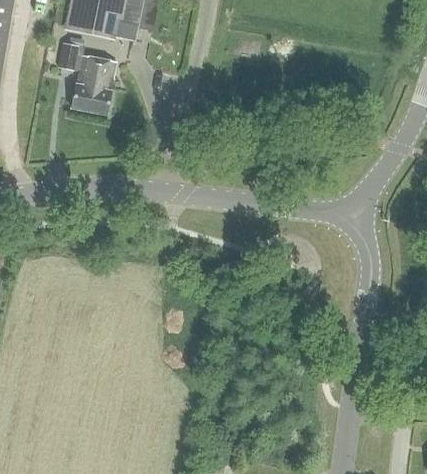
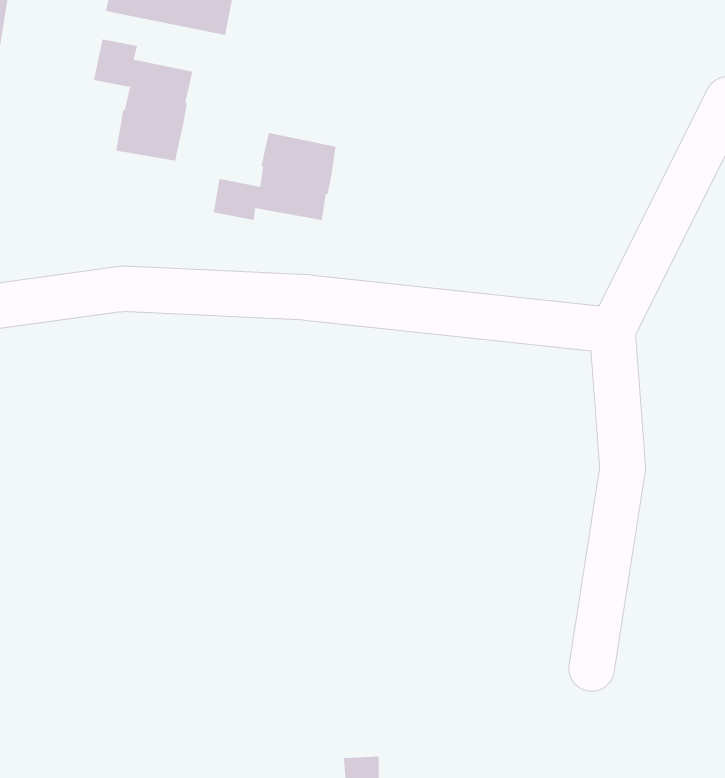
building: none -> [213,132,336,221]

